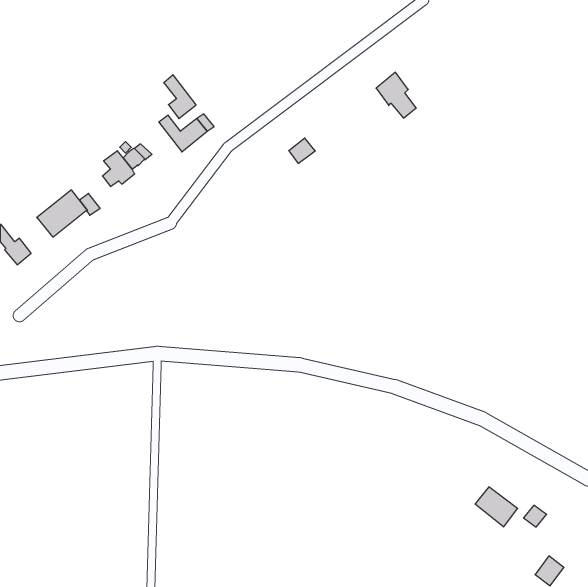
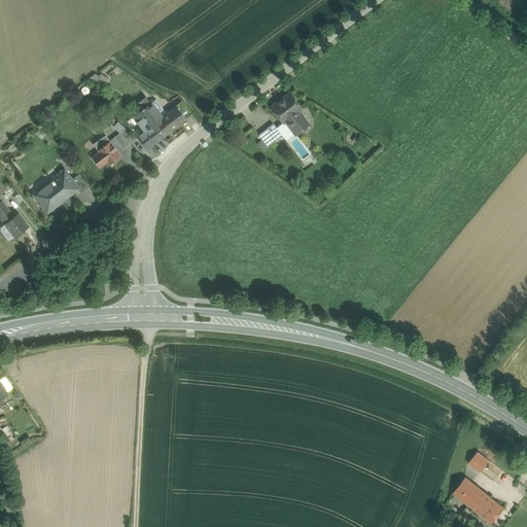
building: [376,72,416,118] -> [272,94,308,135]
building: [164,75,196,119] -> [134,110,163,149]
building: [475,487,518,527] -> [453,479,491,515]

